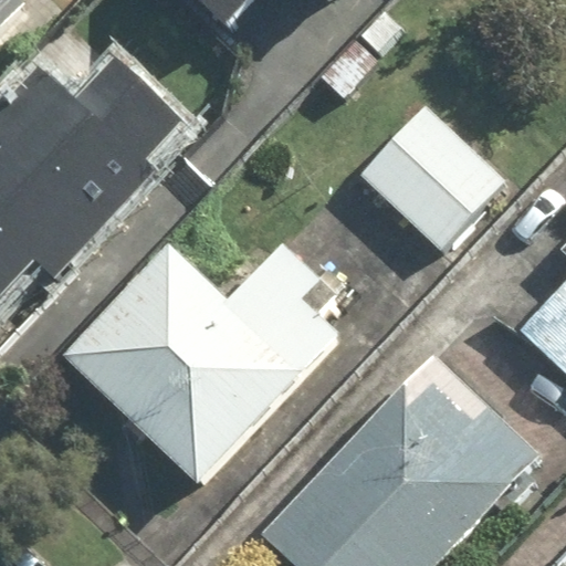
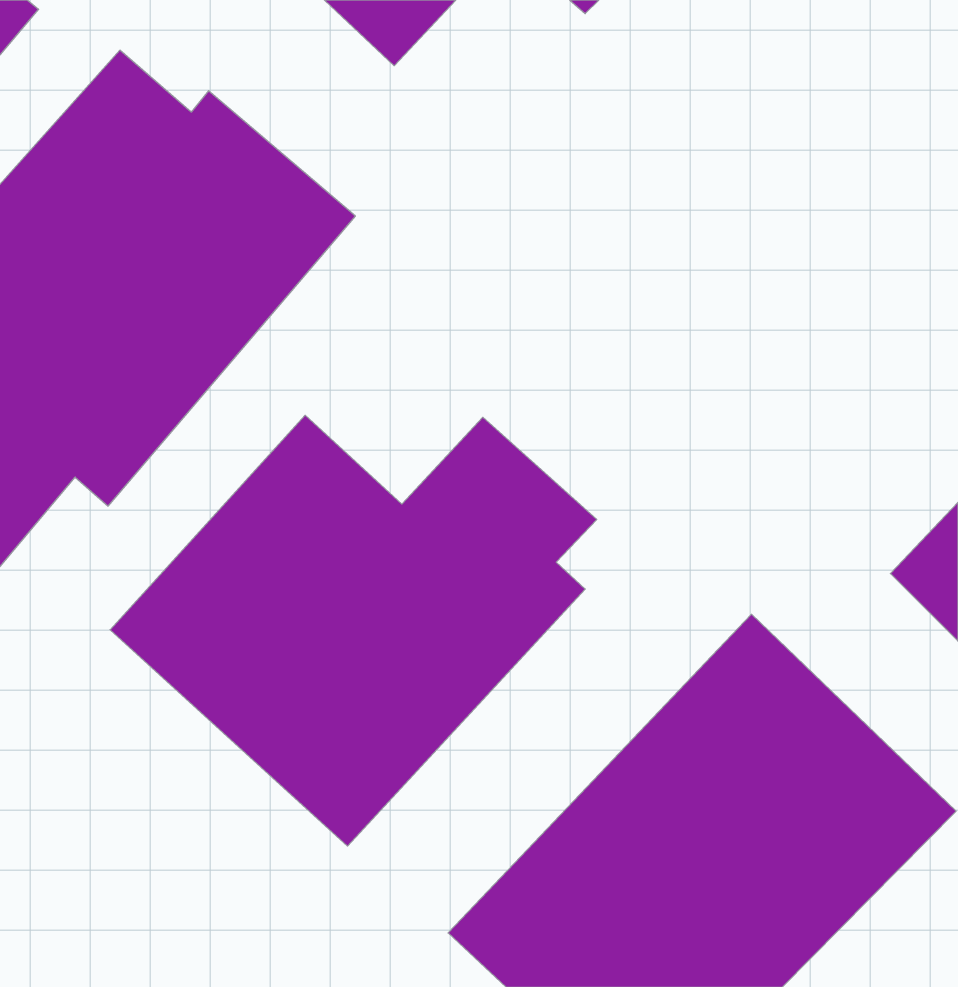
building: [349,105,509,262] -> none

